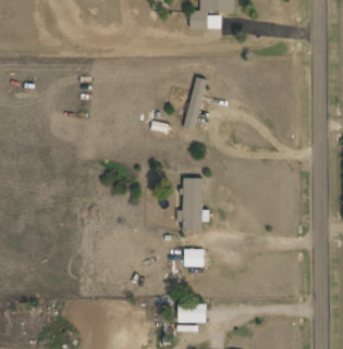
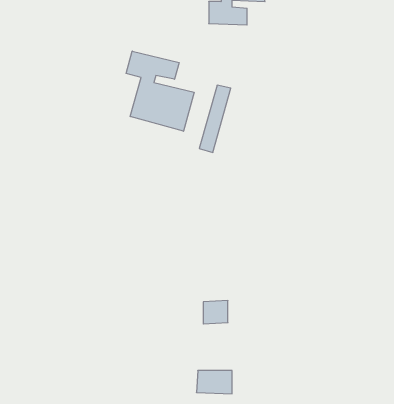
building: none -> [126,51,194,131]
building: [177,178,204,229] -> none

